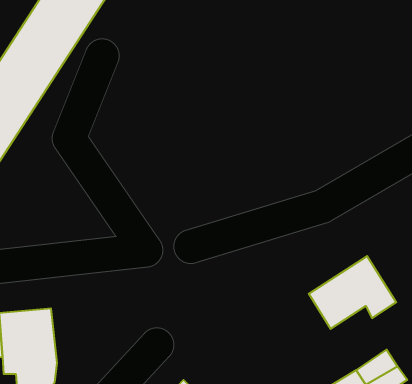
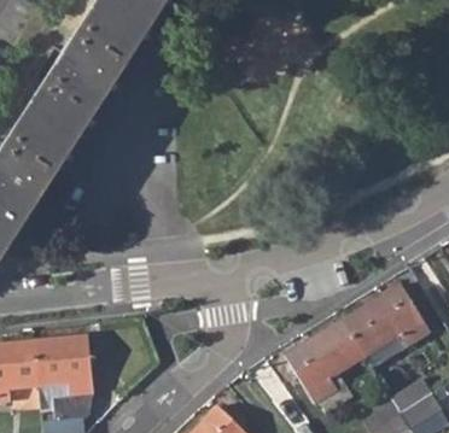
building: none -> [286,322,366,404]

